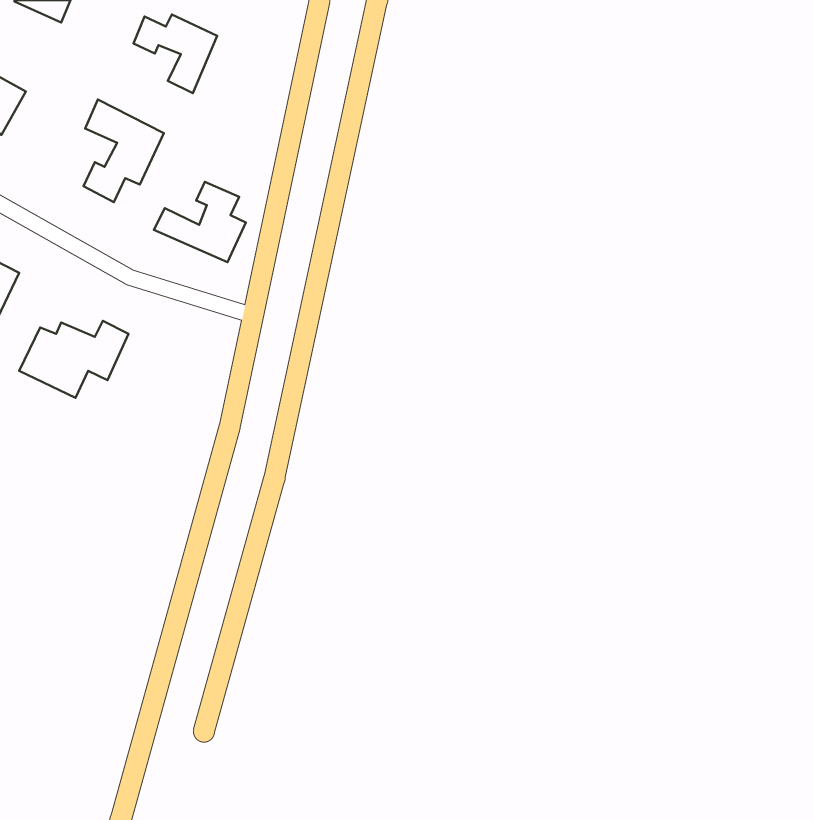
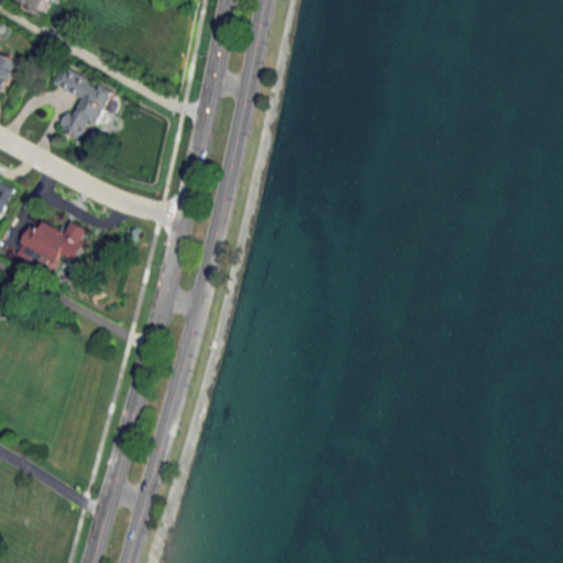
building: [134,15,217,93] -> none
building: [154,182,246,262] -> none

